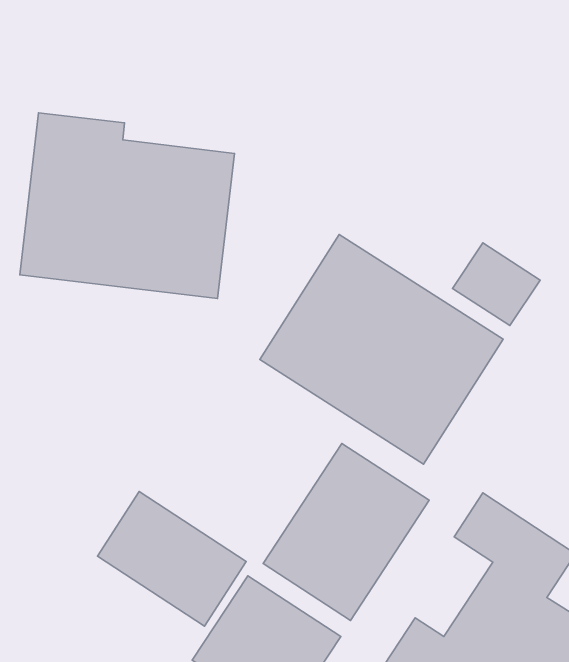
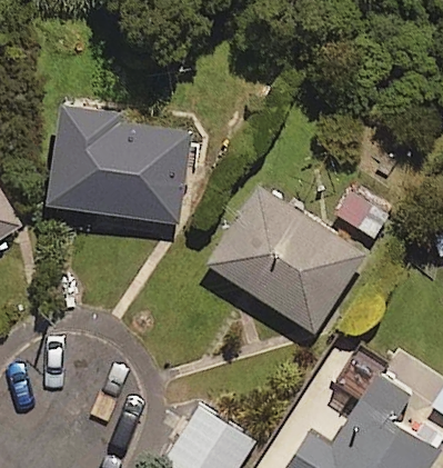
building: [263,443,429,620] -> none
building: [97,491,246,626] -> none

